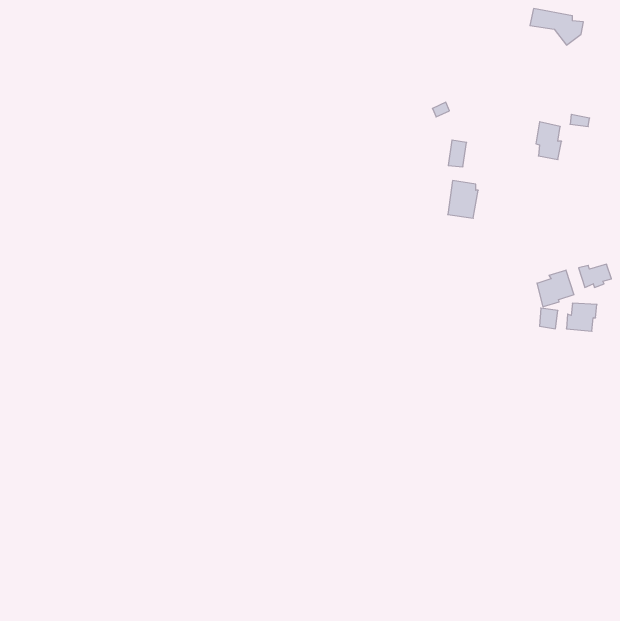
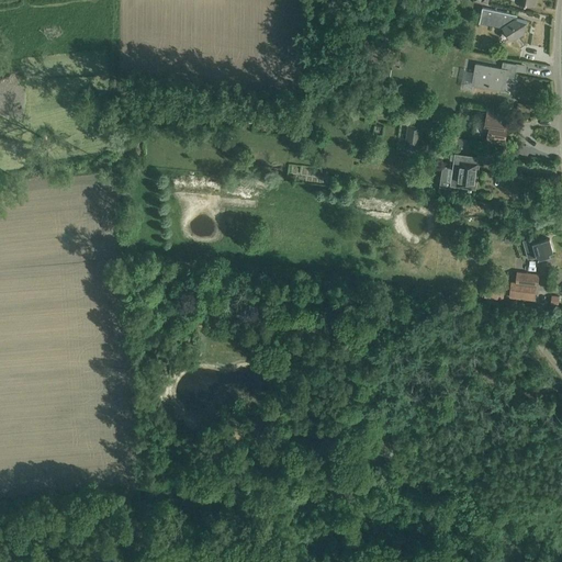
building: none -> [471,63,515,90]
building: [448,181,478,218] -> [450,158,477,192]
building: [537,270,574,307] -> none

